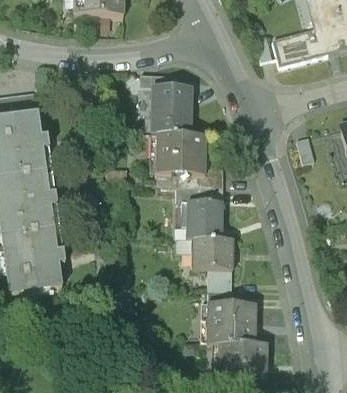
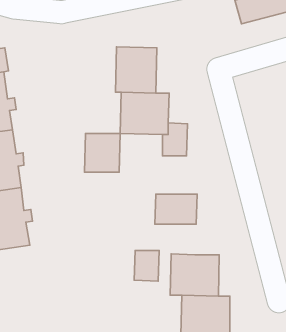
building: [186,200,223,240] -> [85,134,120,172]
building: [207,271,233,303] -> [134,250,159,281]

